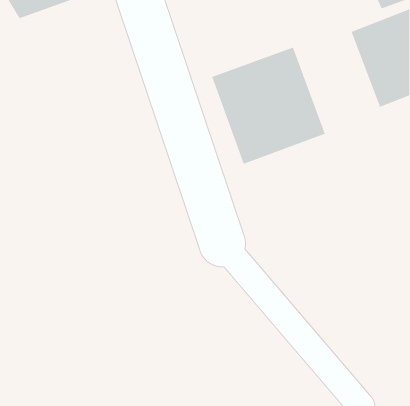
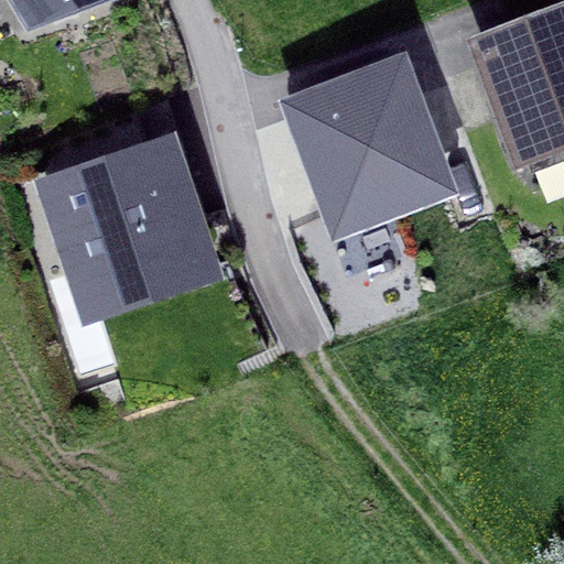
building: none -> [48,144,207,291]

